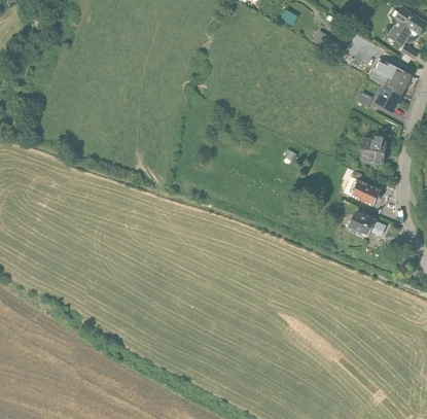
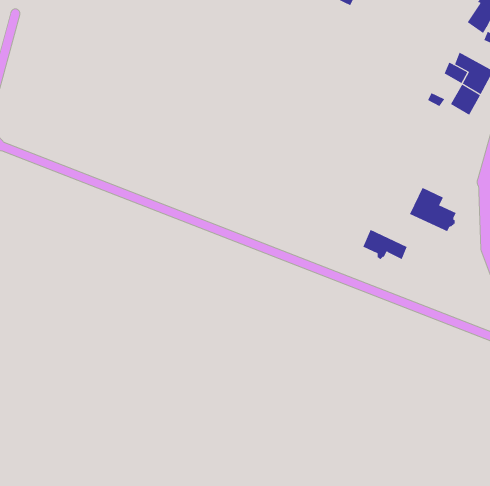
building: [361,135,386,164] -> none
building: [349,211,385,236] -> [363,229,407,260]

